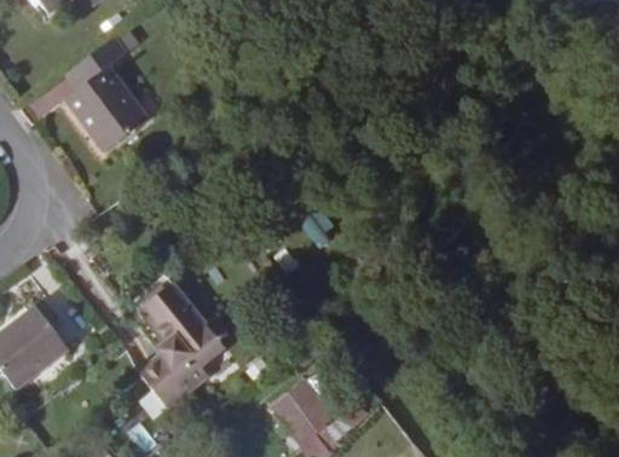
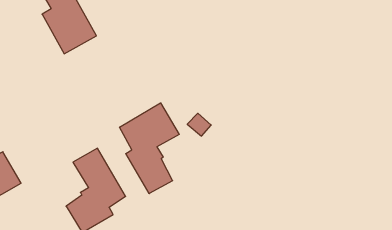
building: none -> [120,103,179,194]

